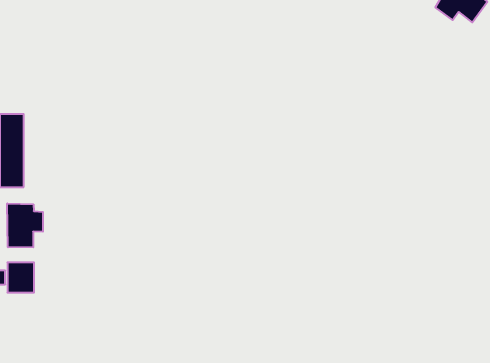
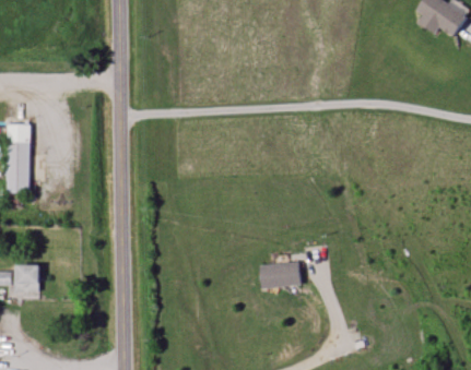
building: [7,203,43,247] -> none
building: none -> [260,262,302,289]

